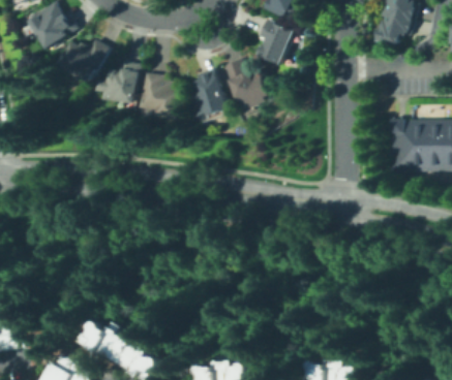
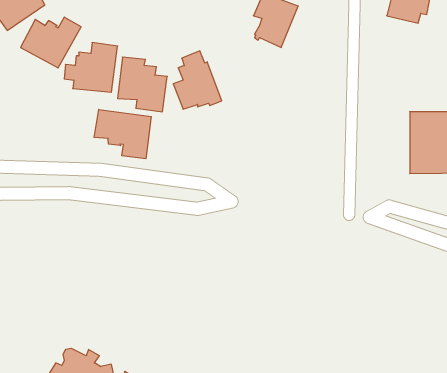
building: [223,59,269,108] -> none
building: none -> [94,109,151,159]

